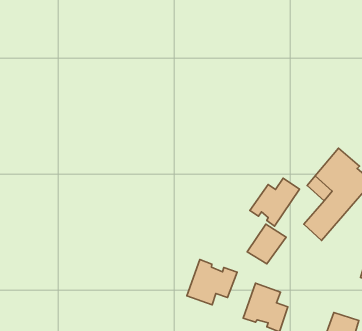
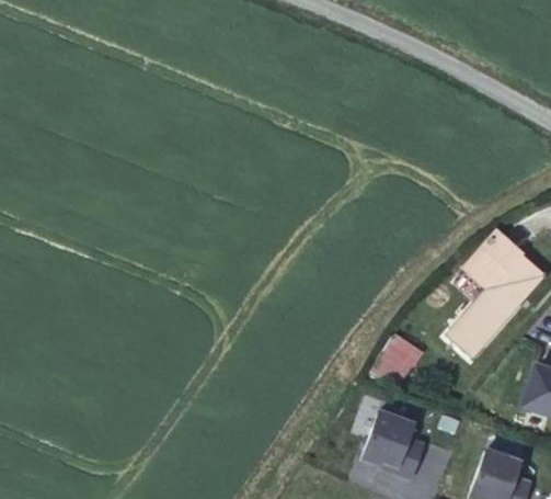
building: [250,178,300,226] -> none
building: [187,260,237,305] -> none

